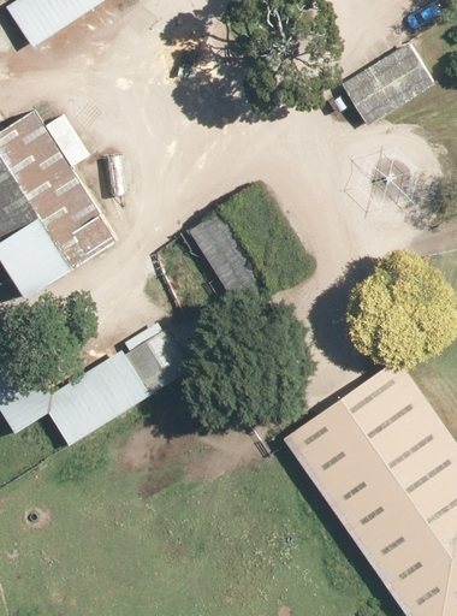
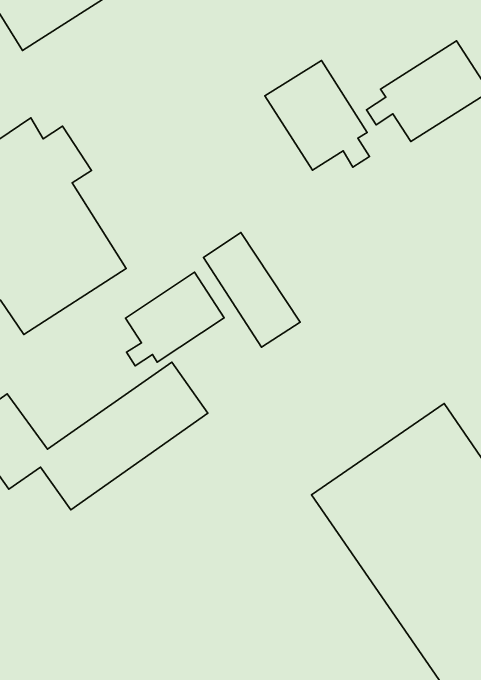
building: none -> [265,60,369,170]
building: none -> [125,272,224,366]

